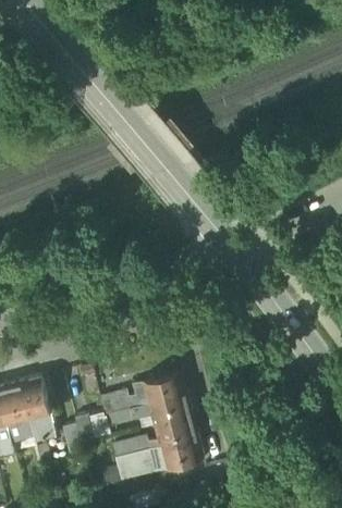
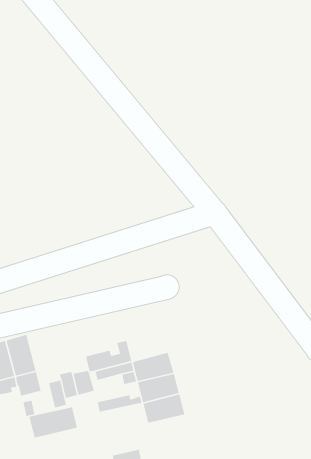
building: [143,373,185,405] -> none
building: [114,447,166,480] -> [29,407,79,438]

